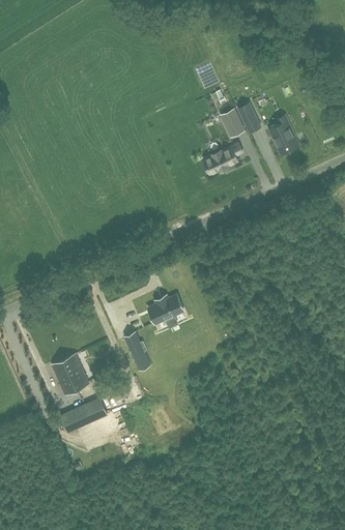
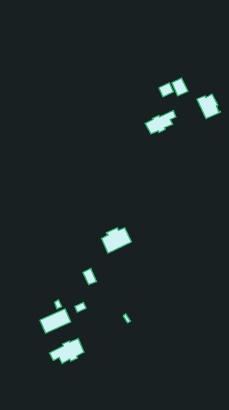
building: [51,354,88,394] -> none
building: none -> [49,338,84,364]

